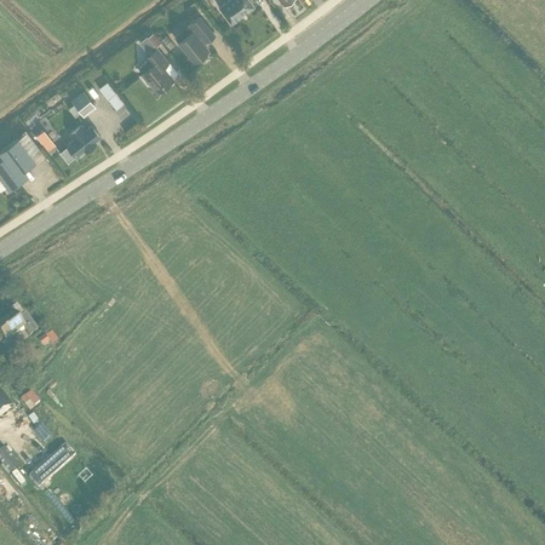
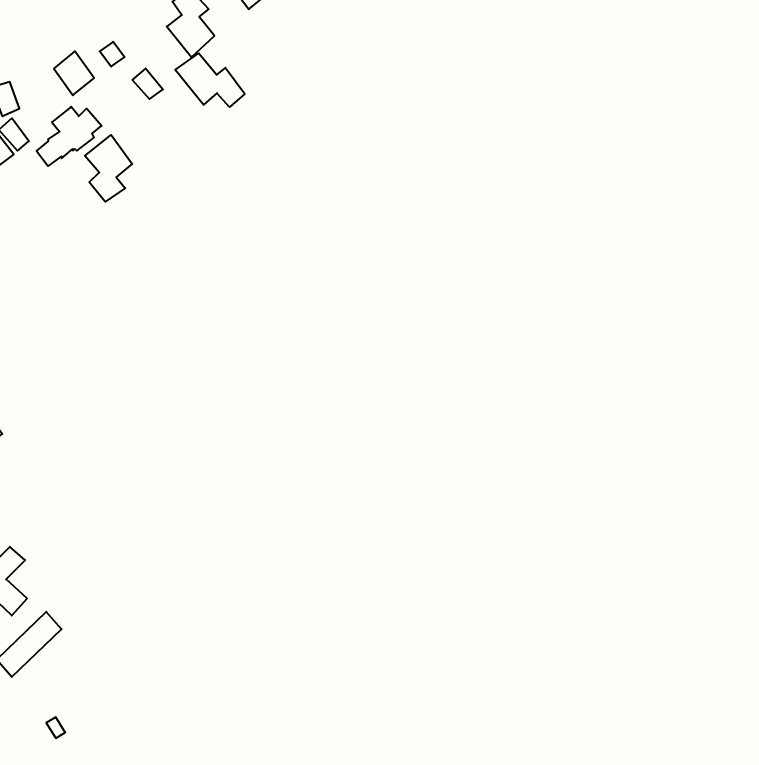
building: none -> [175,53,245,107]
building: none -> [85,135,132,202]

